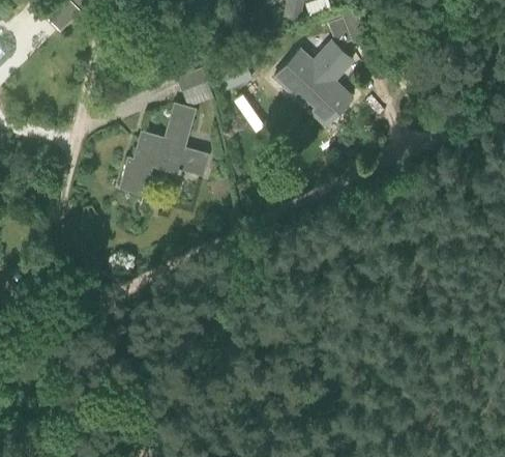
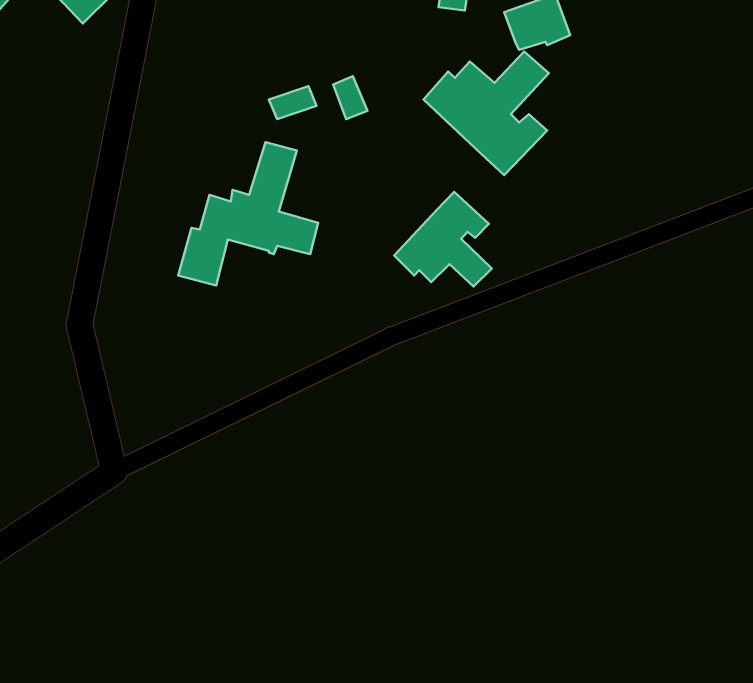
building: none -> [394,192,492,287]

